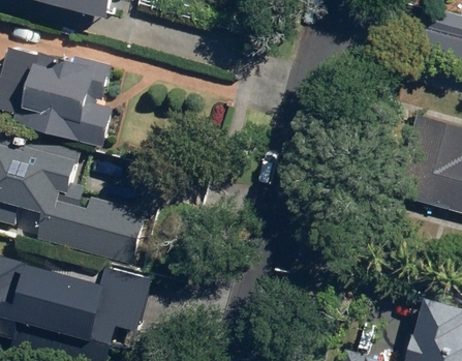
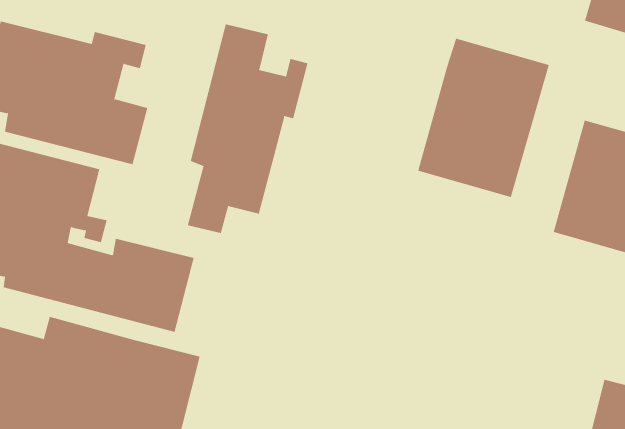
building: none -> [187,23,308,234]
building: none -> [417,38,549,198]

